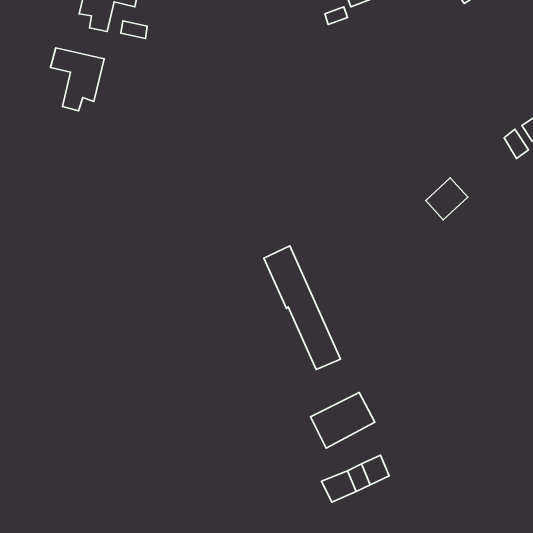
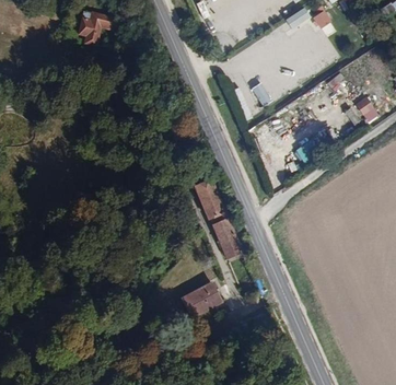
building: [51,48,104,111] -> none
building: [310,392,375,448] -> [180,282,221,317]

